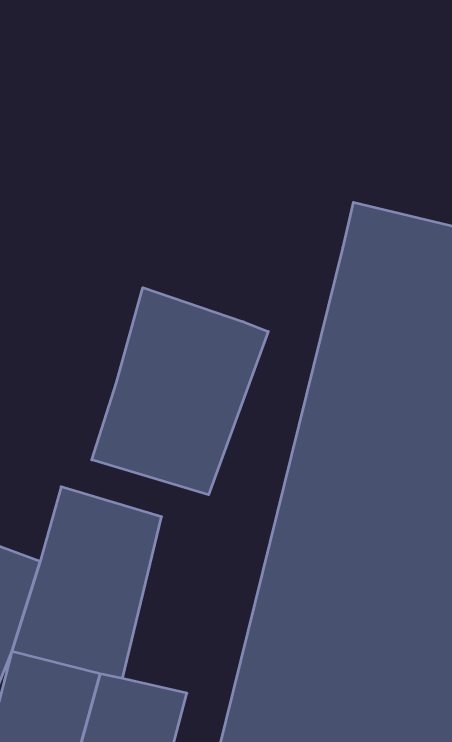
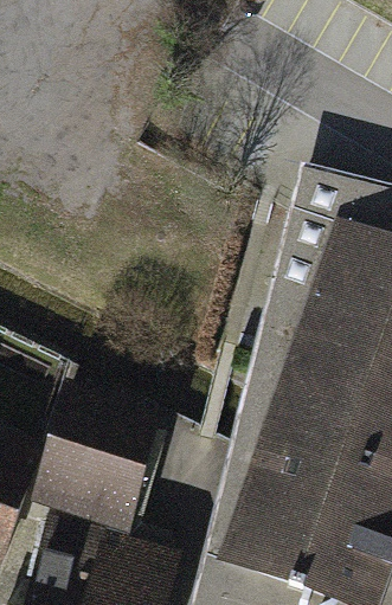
building: [92,288,268,495] -> none

